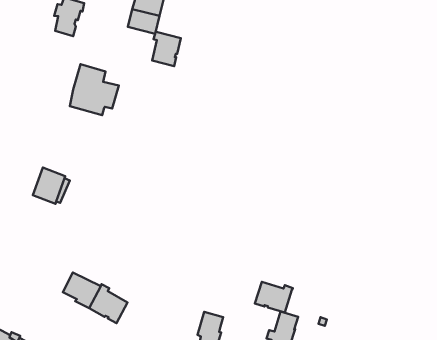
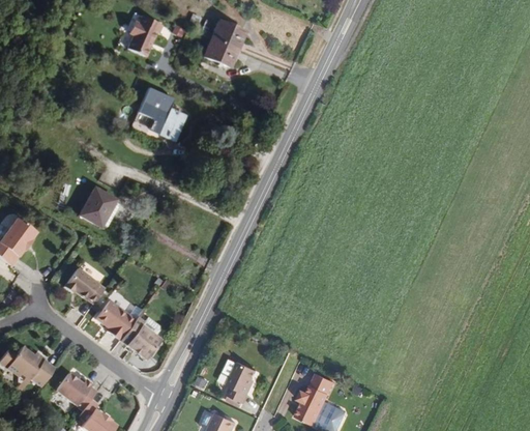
building: [152,31,181,66] -> none
building: none -> [63,267,104,303]
building: [255,282,293,313] -> none

